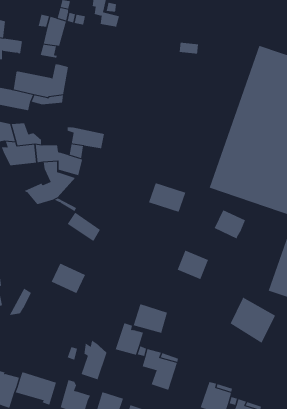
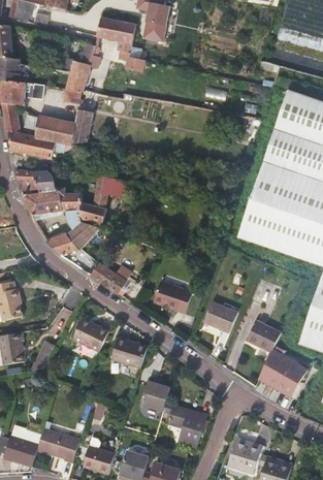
building: [148,183,186,213] -> [152,281,191,312]
building: [214,209,246,239] -> [247,321,280,352]
building: [133,304,168,334] -> [110,335,147,366]
building: [81,340,107,380] -> none

